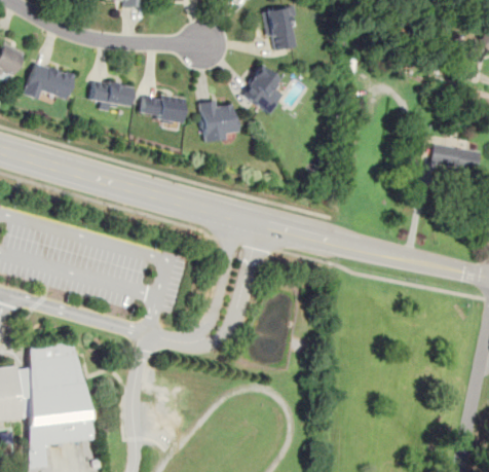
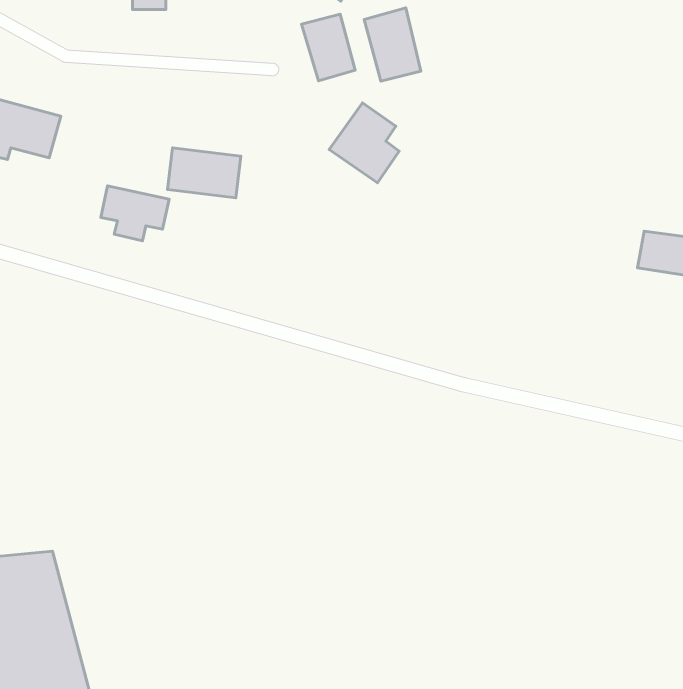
building: none -> [301,14,355,81]
building: [91,78,134,112] -> [101,186,169,241]
building: [200,100,240,142] -> none

